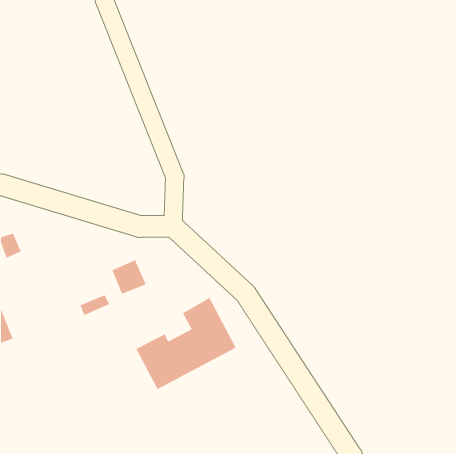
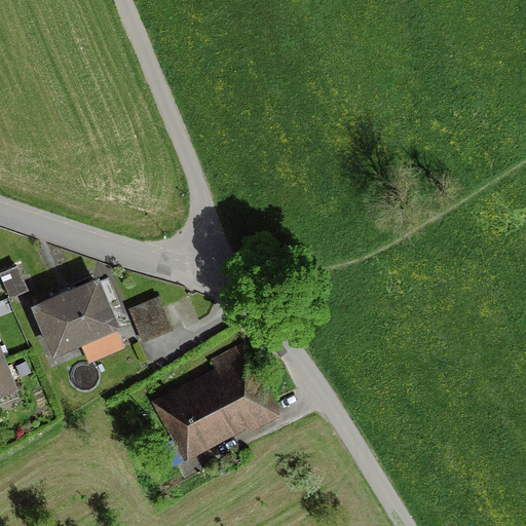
building: none -> [34,285,113,354]

